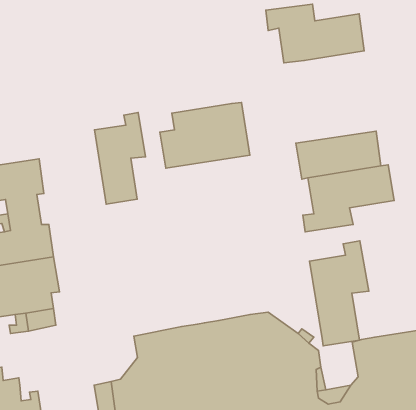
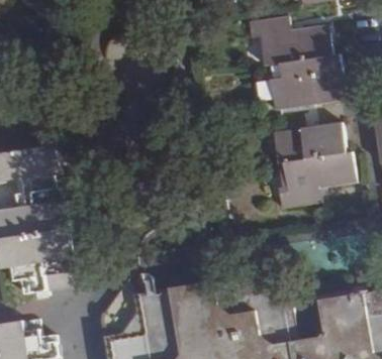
building: [160,102,250,168] -> [268,53,344,109]
building: [95,113,146,204] -> none
building: [309,241,369,346] -> none

